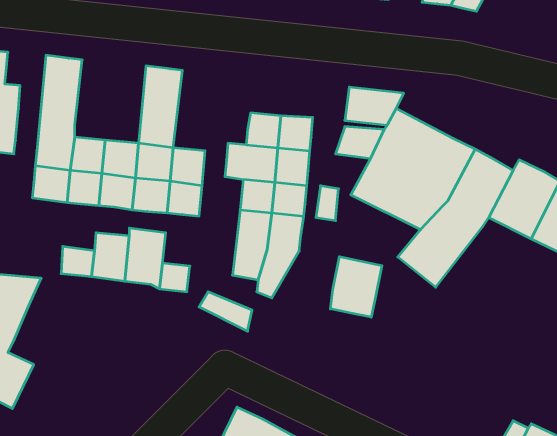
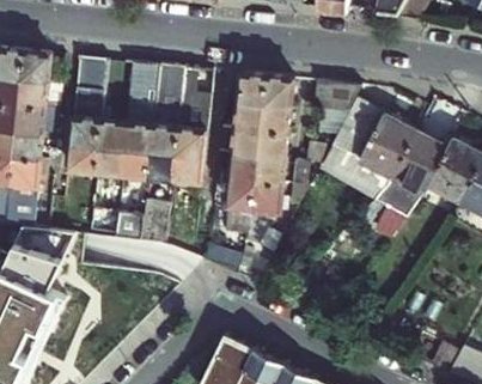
building: none -> [124,61,157,124]
building: none -> [178,67,208,130]
building: none -> [239,73,292,104]
building: [330,257,382,317] -> none

